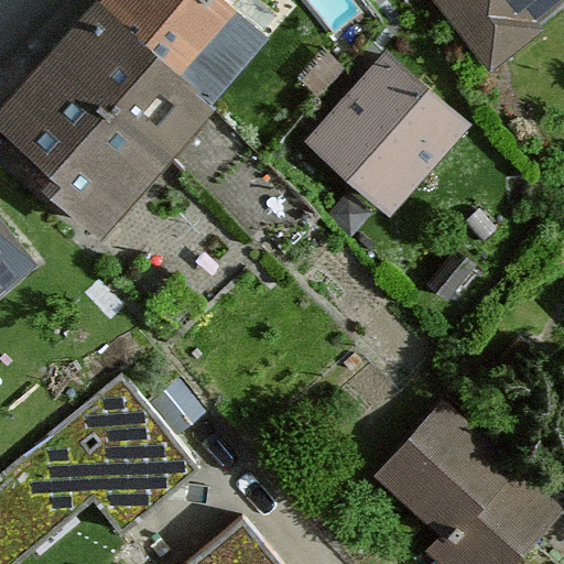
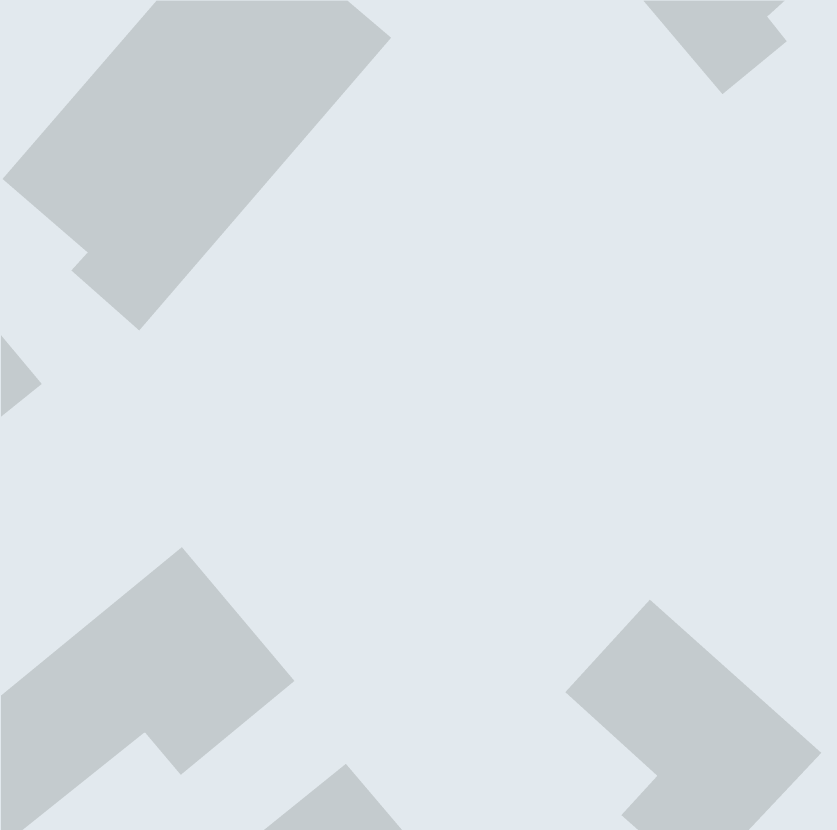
building: [305,56,455,207] -> none

